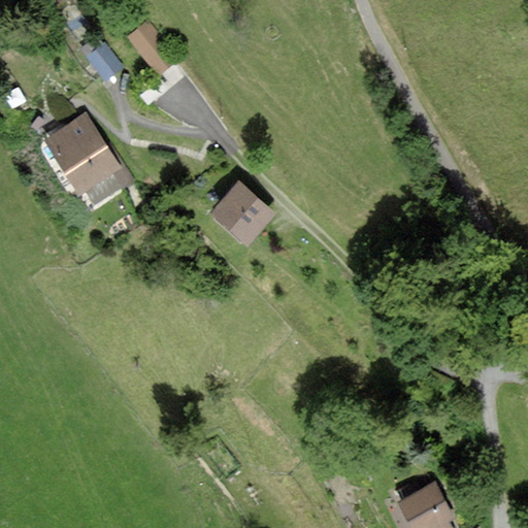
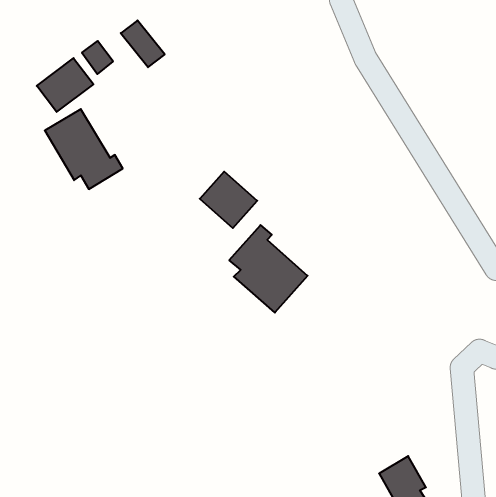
building: none -> [37,58,93,112]
building: none -> [229,225,308,313]

